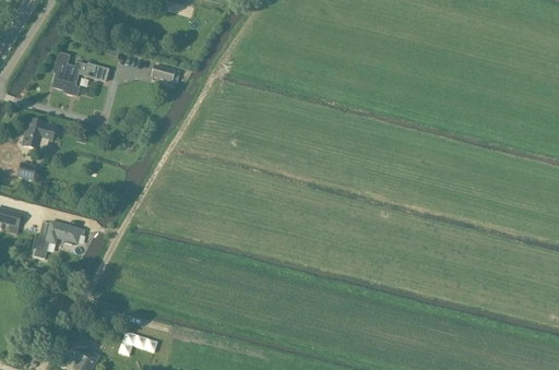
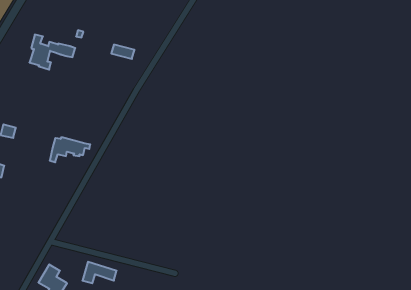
building: [22,119,56,150] -> none
building: [36,220,85,251] -> [50,137,90,162]

